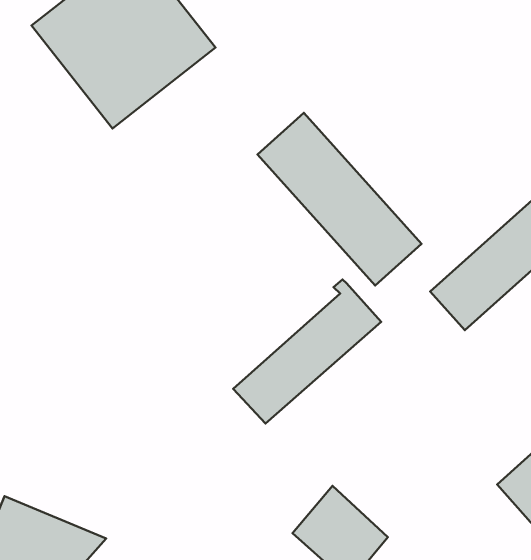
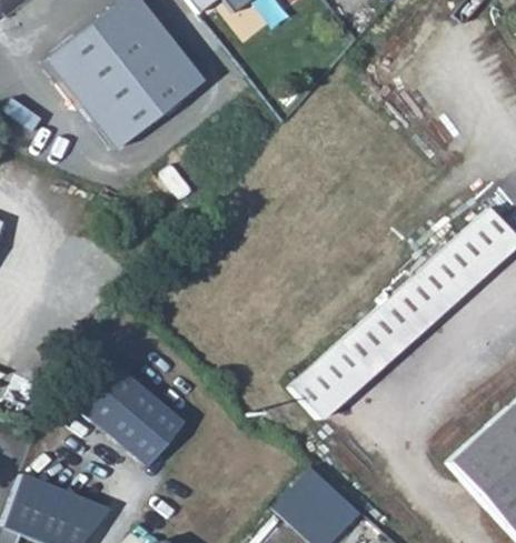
building: [257,113,421,285] -> none
building: [233,279,381,423] -> [294,292,421,416]
building: none -> [81,366,183,465]

